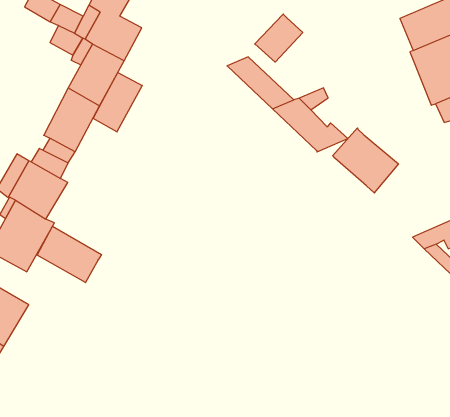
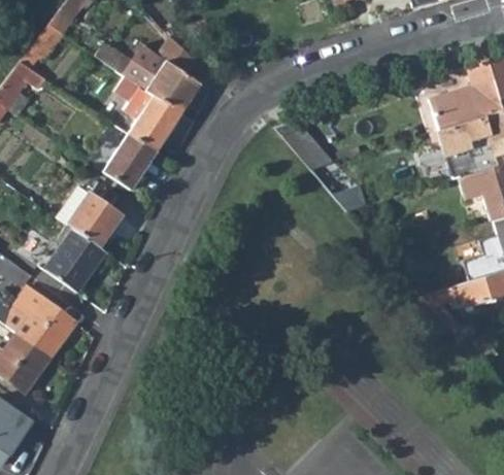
building: [255,14,303,62] -> none
building: [93,73,142,132] -> none
building: [333,128,398,193] -> none
building: [37,226,101,283] -> none

